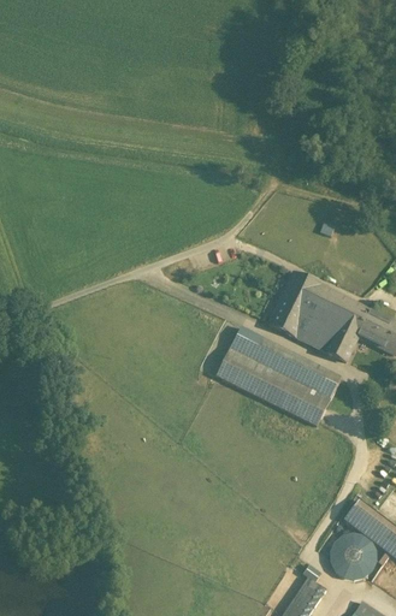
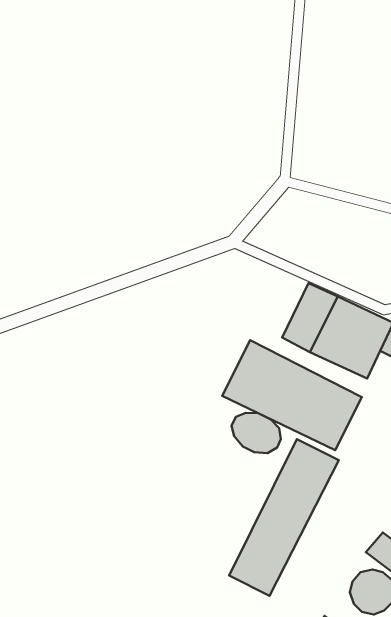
building: none -> [231,413,281,453]
building: none -> [229,439,339,596]

